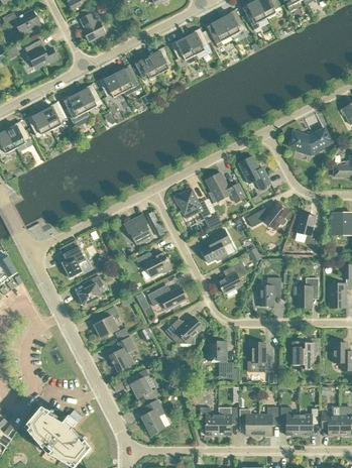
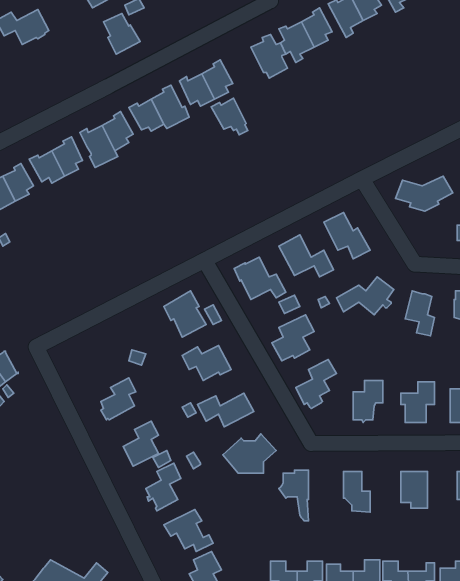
building: [168,36,195,63] -> [211,98,248,135]
building: [23,38,56,68] -> none
building: [61,245,85,277] -> none

